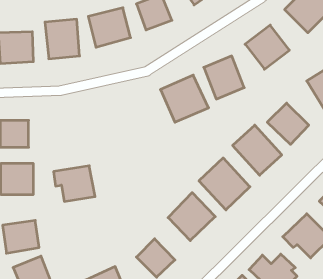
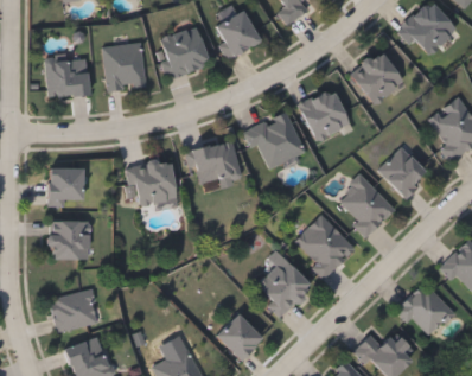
building: none -> [191,140,241,186]
building: [54,166,95,201] -> [126,160,177,204]

